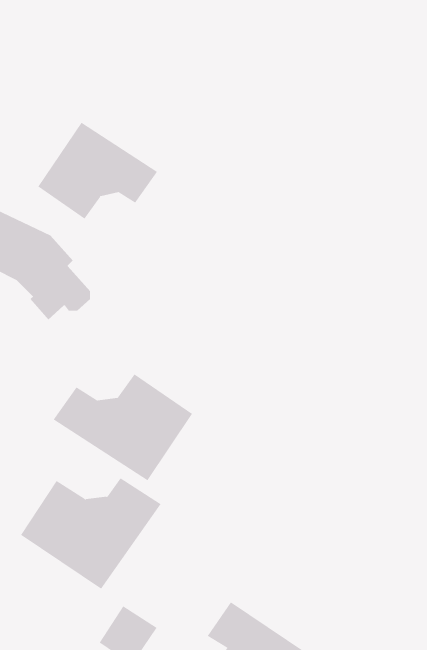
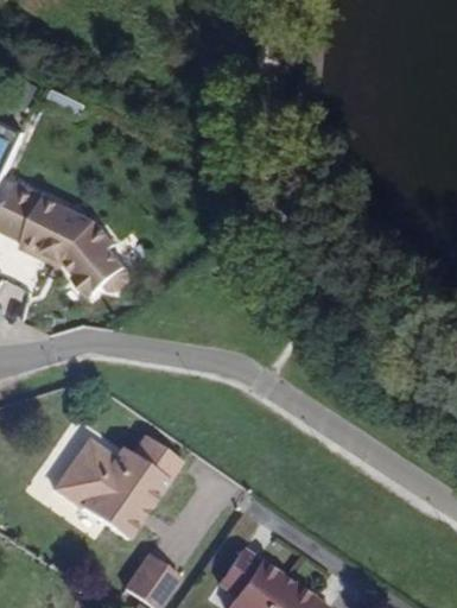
building: [37,122,158,219] -> none
building: [53,374,193,481] -> none

